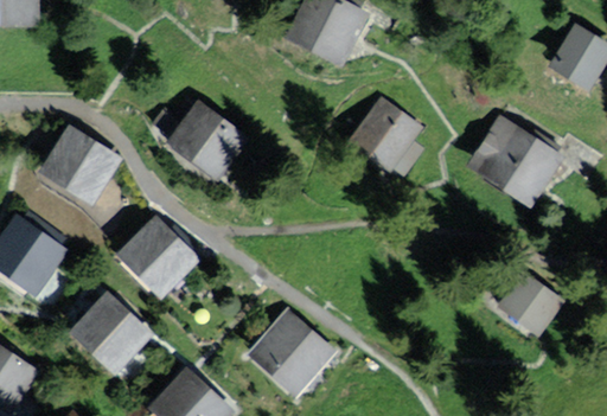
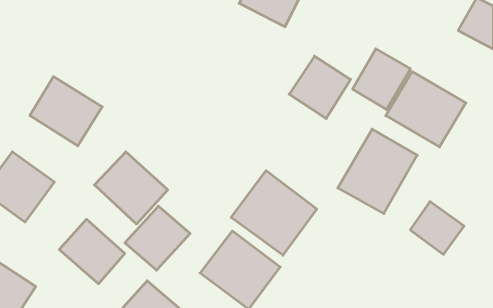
building: none -> [353,49,410,110]
building: [168,102,250,178] -> none
building: none -> [338,129,417,214]
building: none -> [231,171,317,255]
building: none -> [125,206,190,270]

